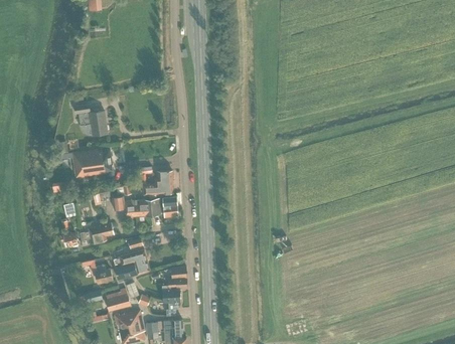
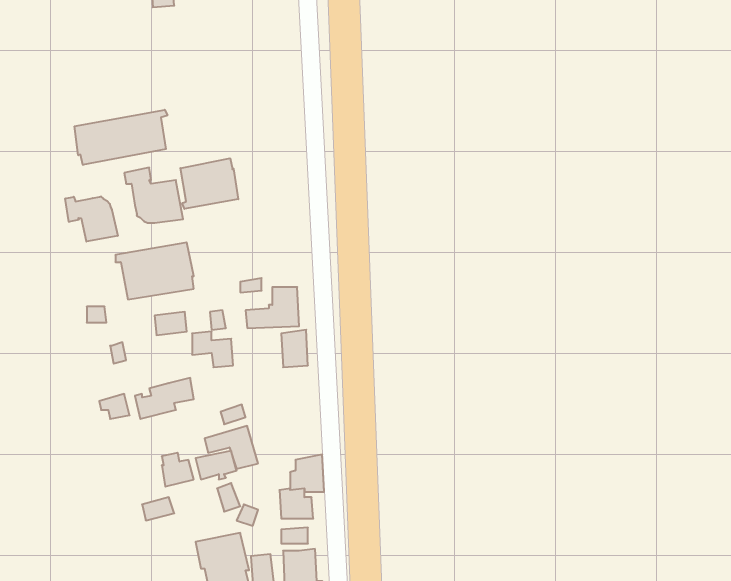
building: none -> [75,110,167,165]
building: none -> [180,158,238,209]
building: none -> [65,196,118,242]
building: [134,198,159,215] -> none
building: [105,288,129,311] -> none

